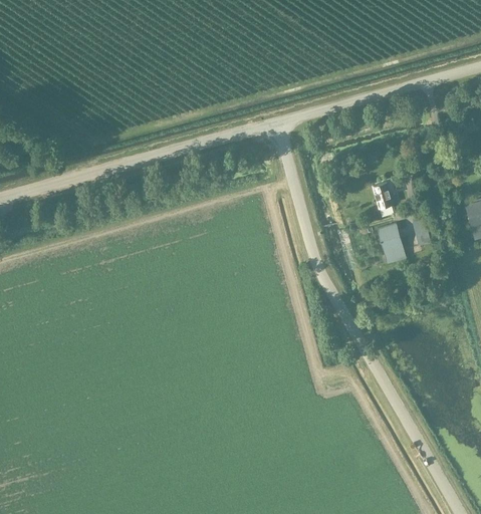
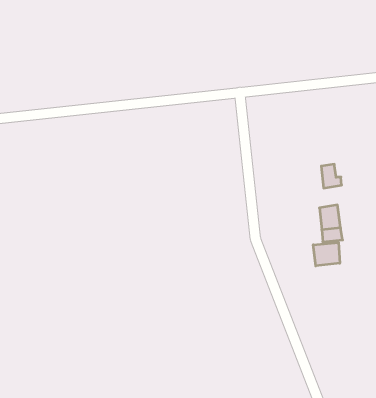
building: none -> [313,243,340,266]

